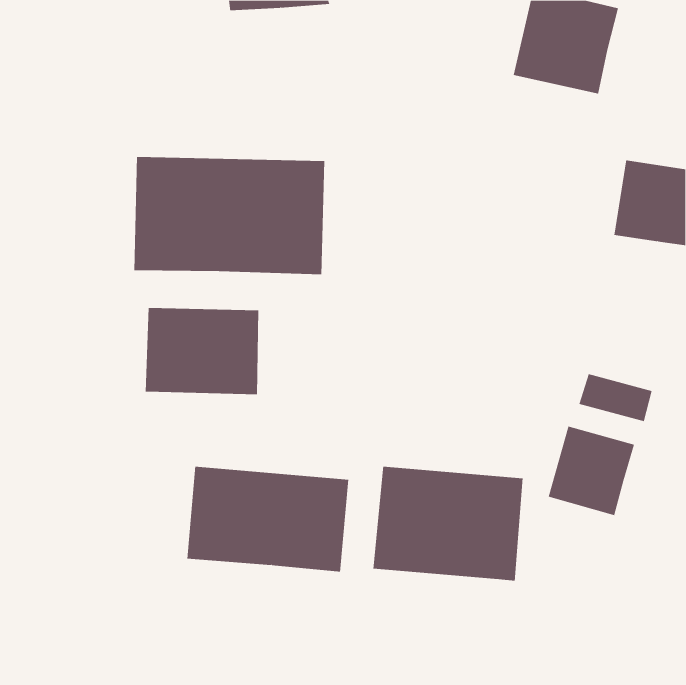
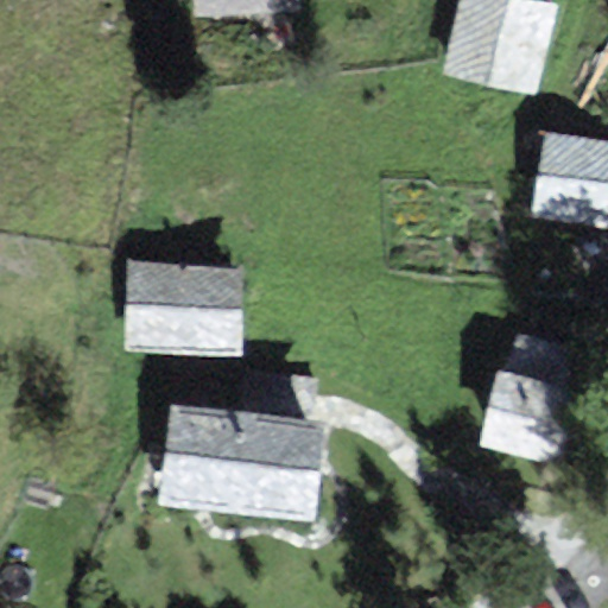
building: [134,156,325,275] -> none
building: [373,466,523,582] -> none

